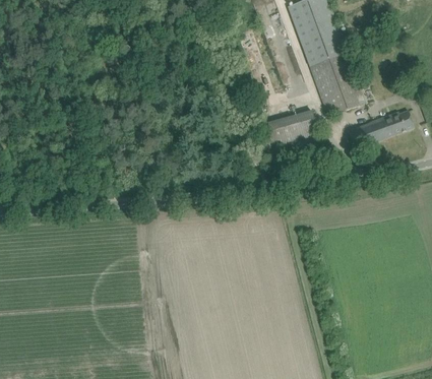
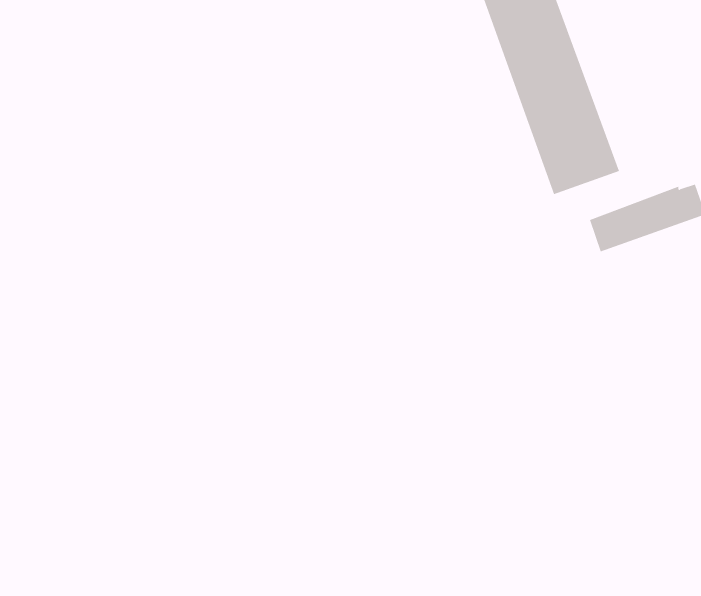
building: [258,110,317,148] -> none

